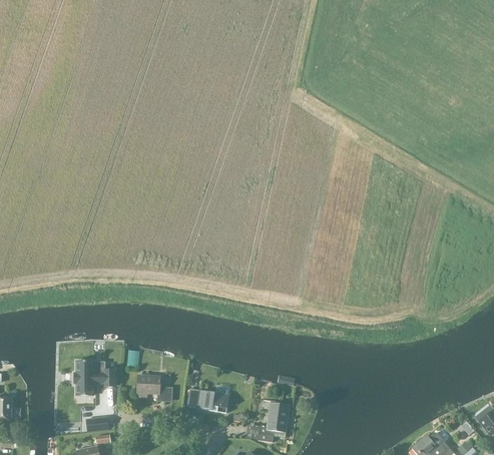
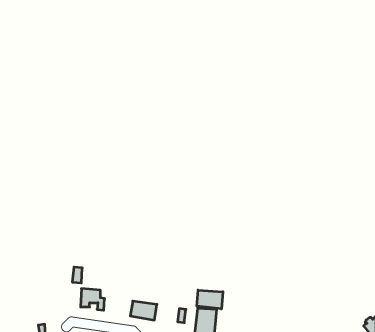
building: [74,360,114,395] -> none
building: none -> [197,290,223,309]

